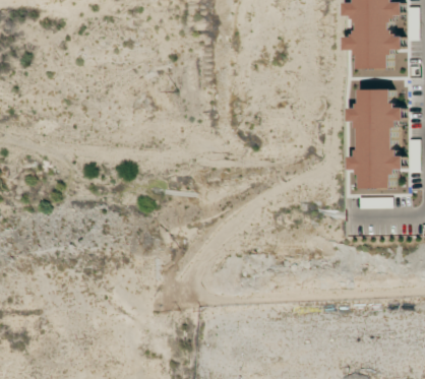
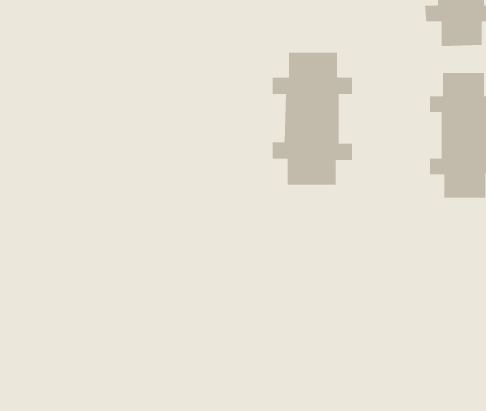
building: none -> [272,52,352,186]

